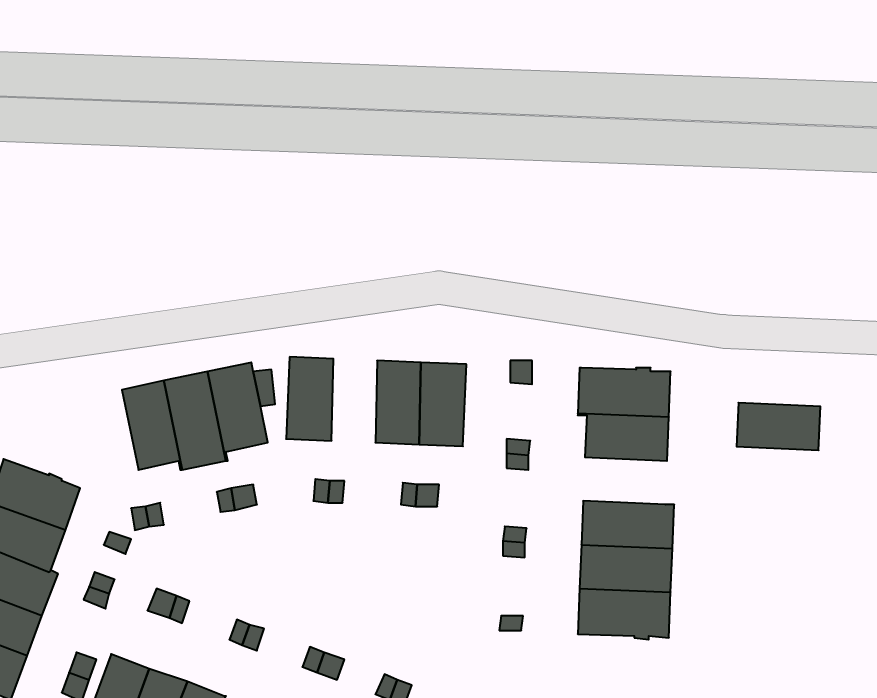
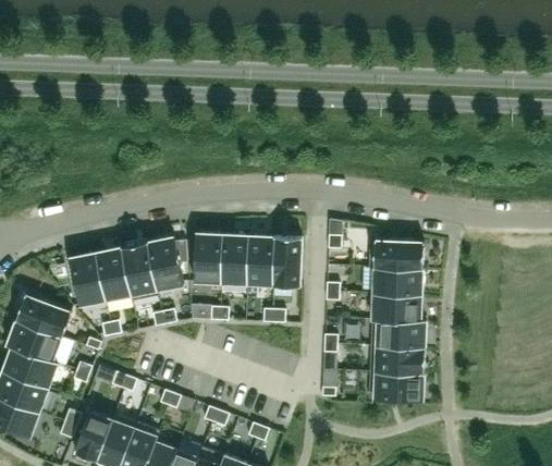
building: none -> [221,234,248,284]
building: none -> [70,253,106,306]
building: [737,403,820,450] -> [371,293,421,321]

